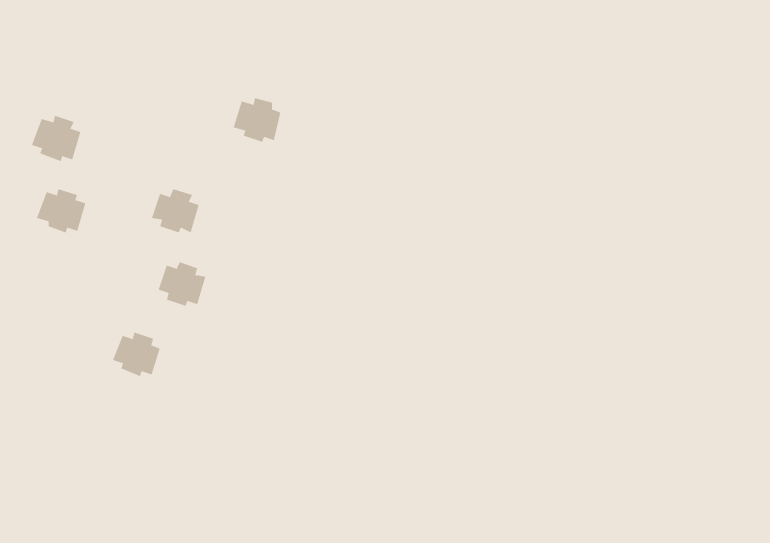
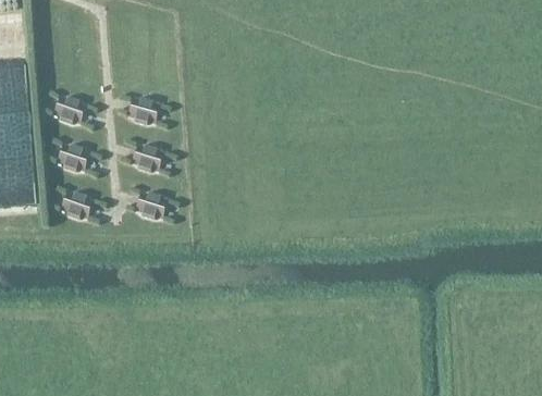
building: [233,98,281,143] -> [128,96,160,125]
building: [112,332,160,377] -> [62,190,94,220]

